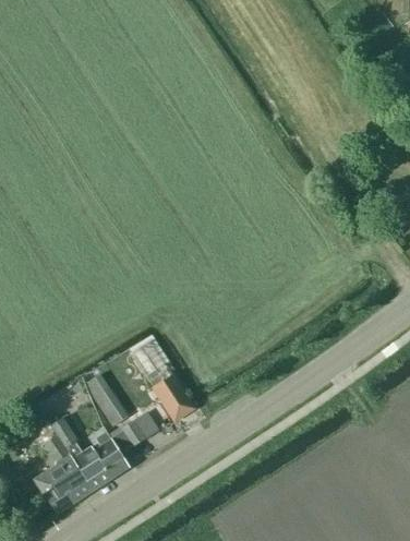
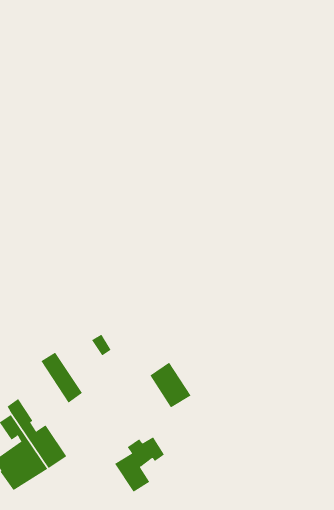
building: [152,372,195,420] -> [149,362,192,408]
building: [92,419,144,477] -> [114,437,165,492]

